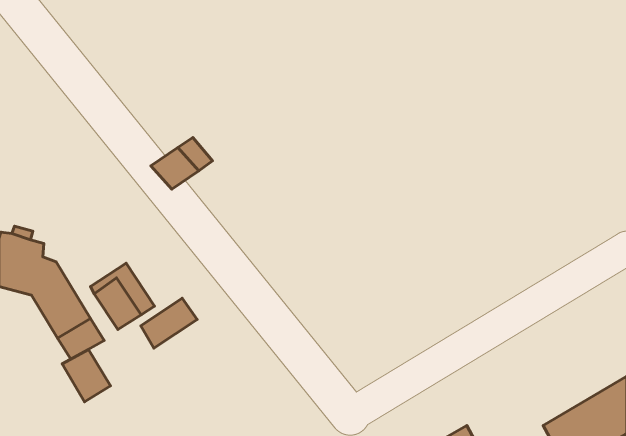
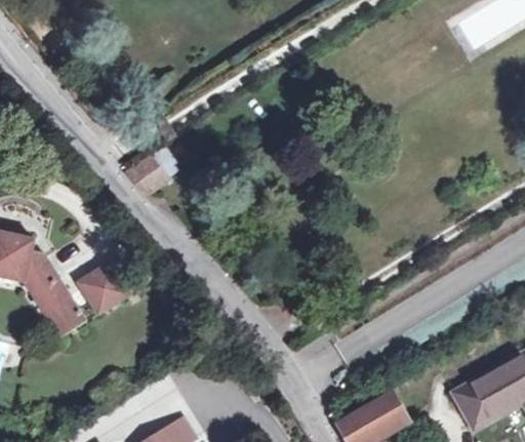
building: [141,298,197,348] -> none
building: [62,349,111,402] -> none

